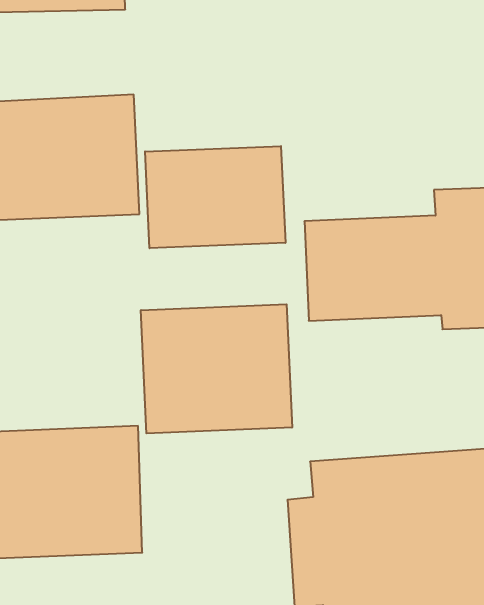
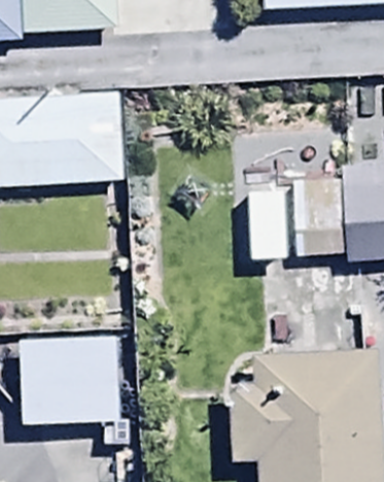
building: [145,146,285,248] -> none
building: [141,304,292,433] -> none

